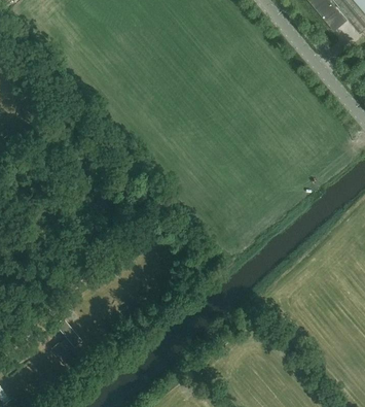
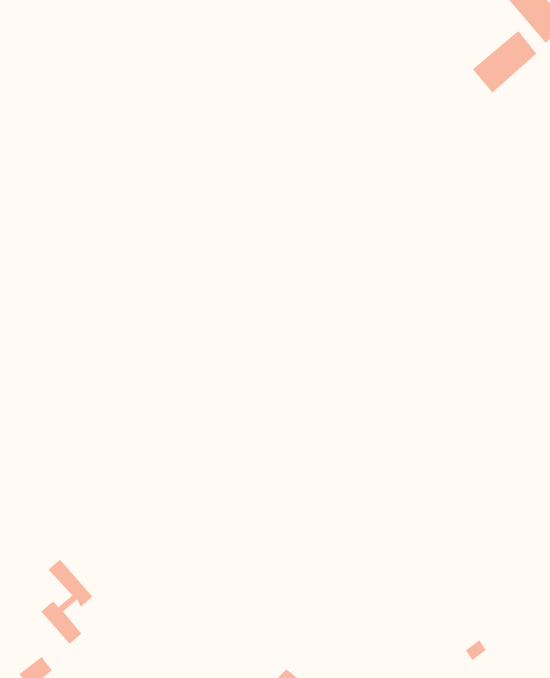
building: none -> [472,30,537,93]

